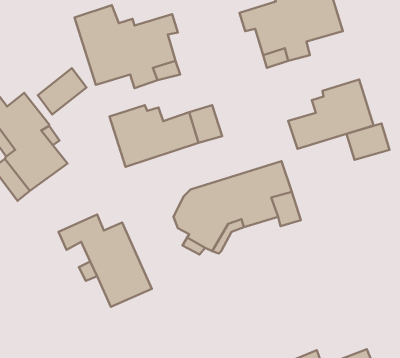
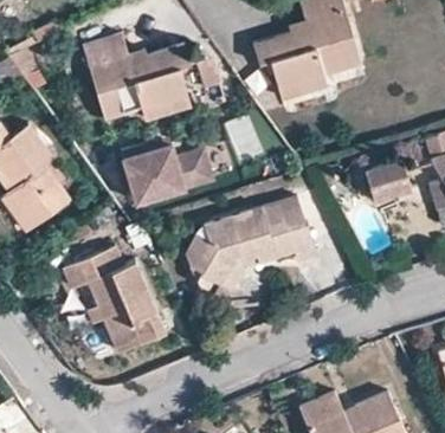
building: [38,68,87,115] -> none
building: [288,79,374,149] -> none

